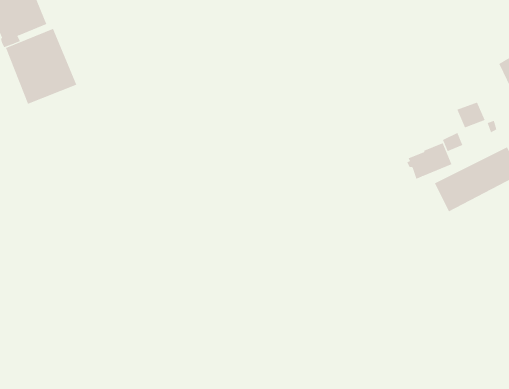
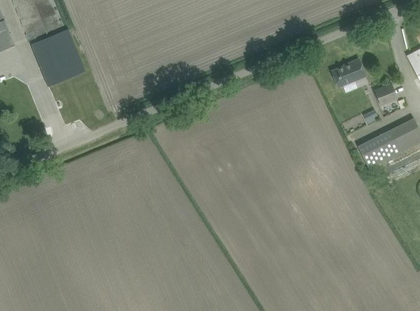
building: [406,143,452,179] -> [330,58,365,86]

